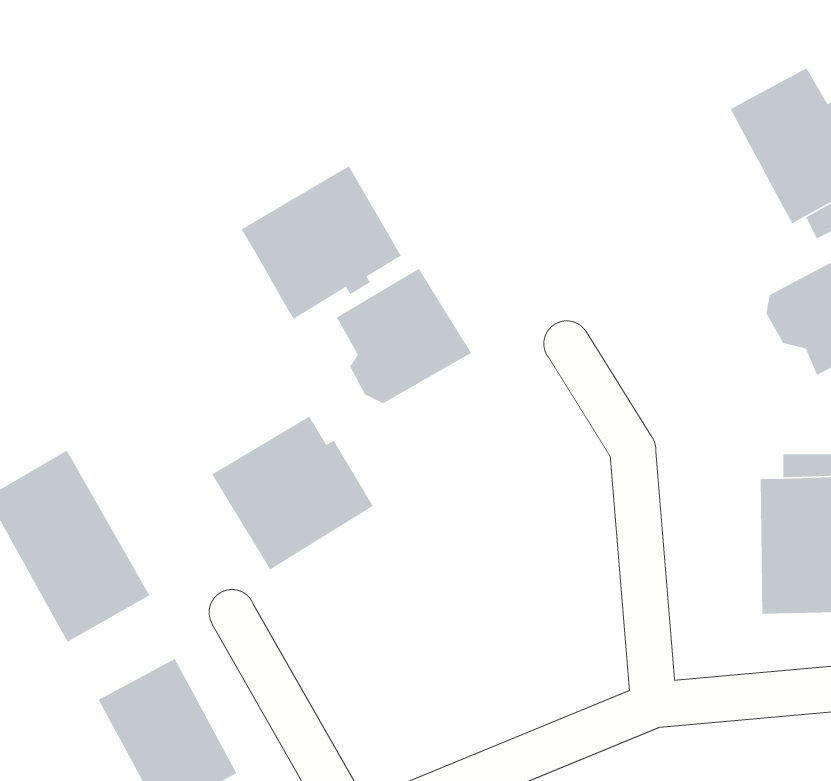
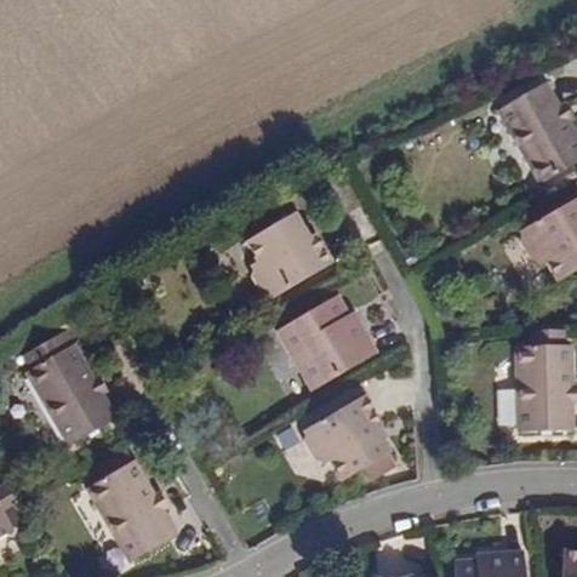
building: [241,165,402,320] -> none
building: [211,415,374,571] -> [273,295,377,394]
building: none -> [301,393,390,480]

